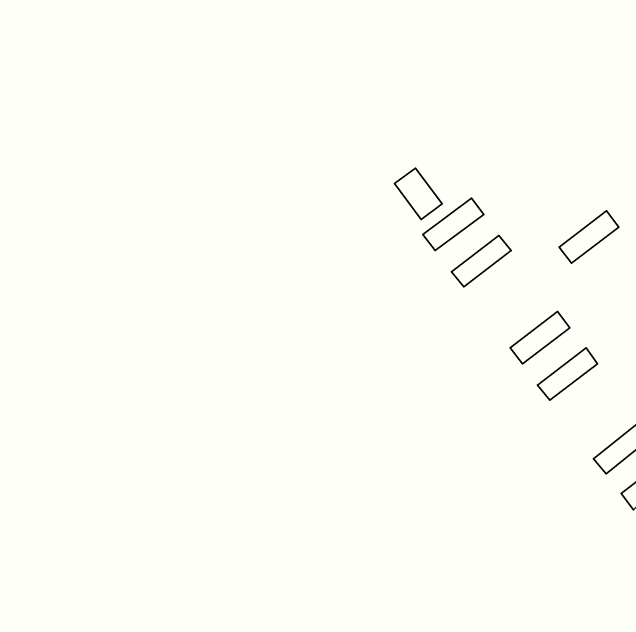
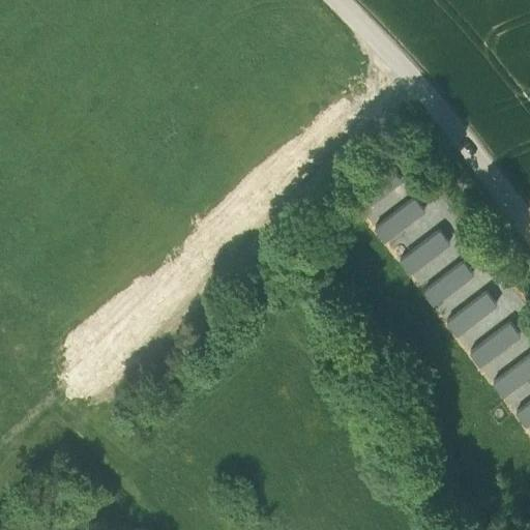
building: [395,168,442,220] -> none
building: [559,211,619,263] -> [401,232,450,275]
building: none -> [471,324,521,367]

